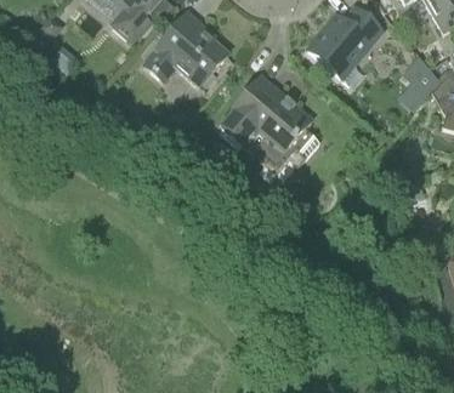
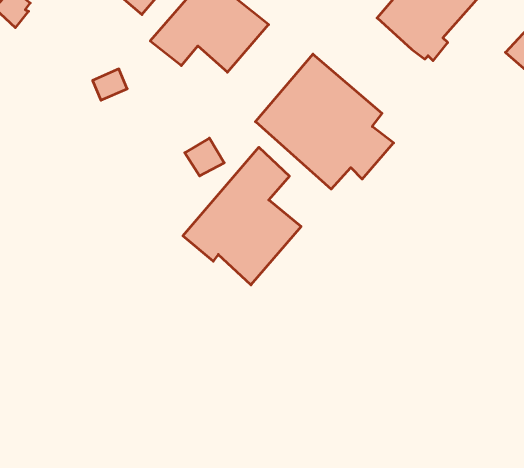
building: none -> [183,147,301,285]

